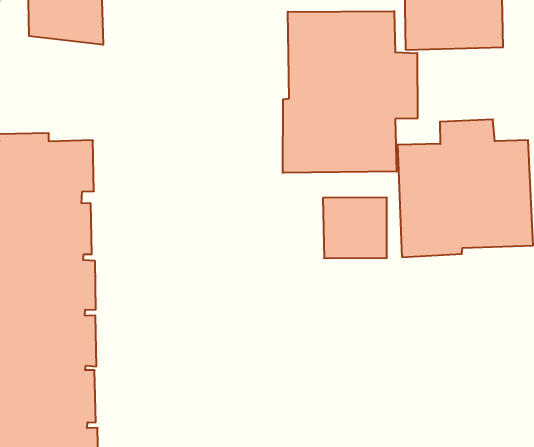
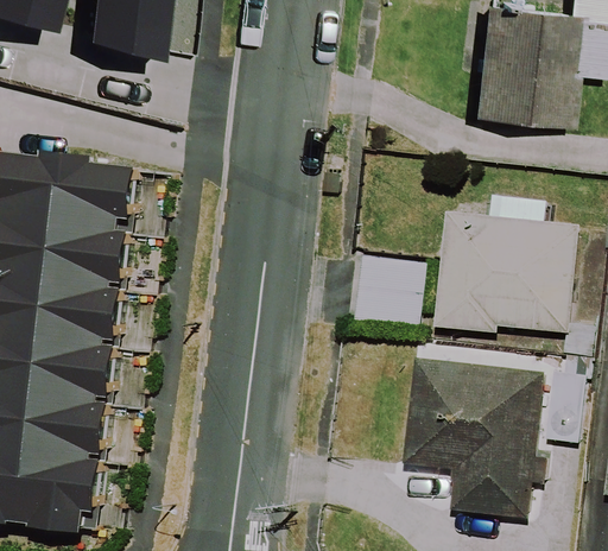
building: [283,11,418,173] -> none
building: none -> [406,357,549,519]

